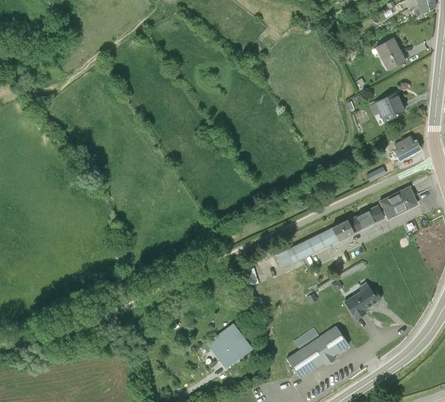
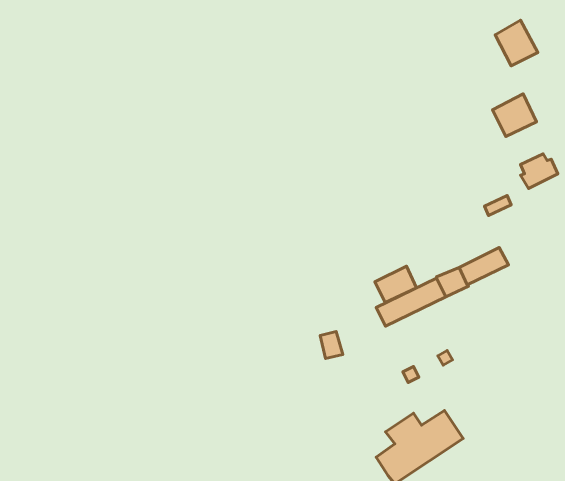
building: [378,187,419,222] -> none
building: none -> [375,266,416,302]
building: [343,286,380,320] -> none
building: [205,325,253,372] -> none

